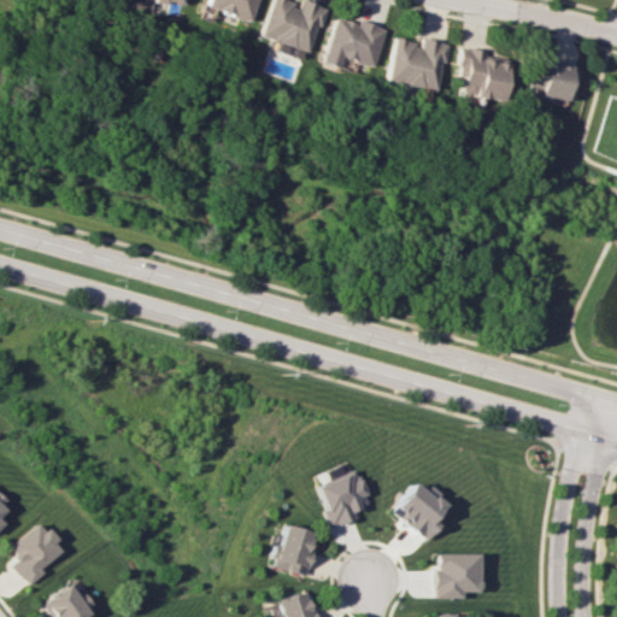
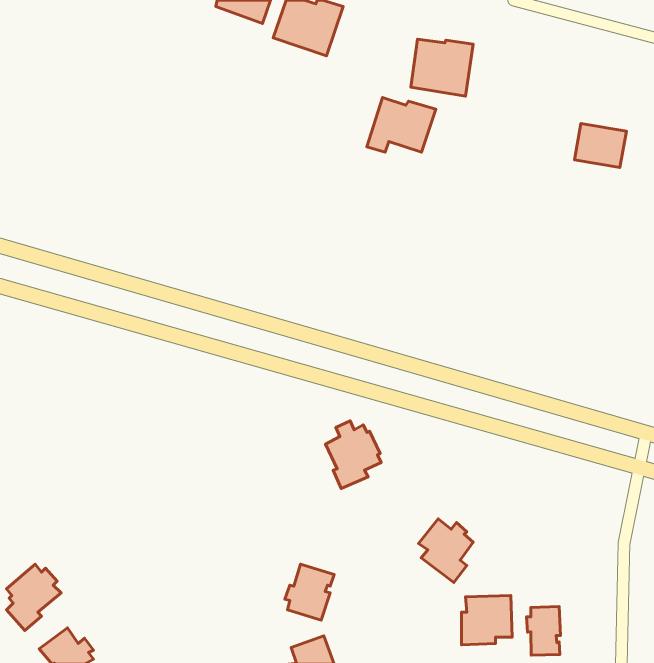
building: [324,17,388,67] -> [367,97,436,152]
building: [459,47,513,102] -> none
building: [534,59,582,100] -> [574,123,626,168]
building: [319,465,371,528] -> [325,421,381,488]
building: none -> [527,607,561,655]

